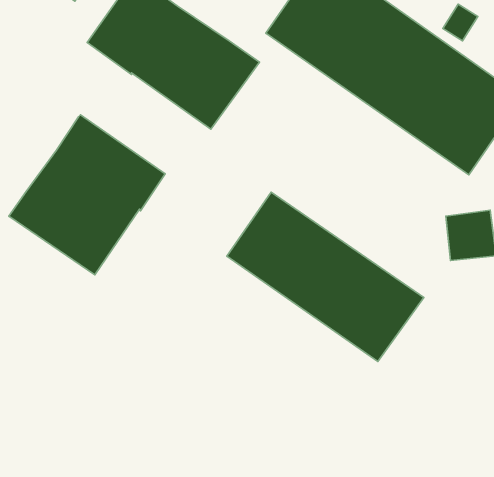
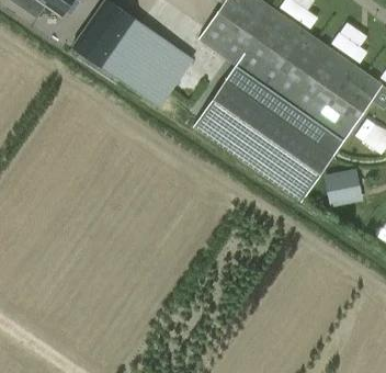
building: [9,115,165,275] -> none
building: [227,192,424,362] -> [193,80,334,202]

